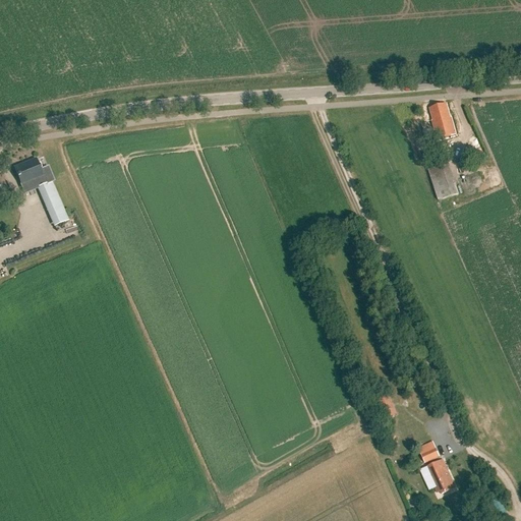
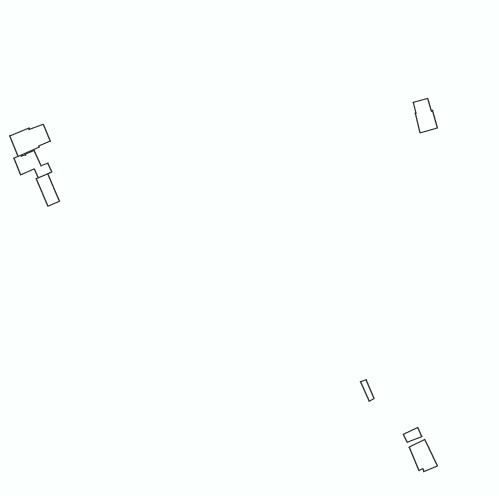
building: none -> [10,124,50,156]
building: [427,158,459,200] -> none

